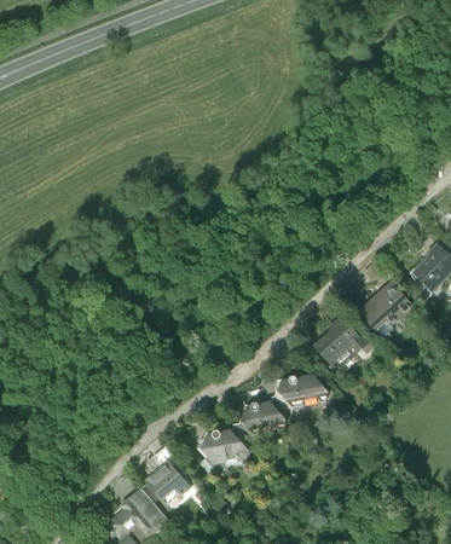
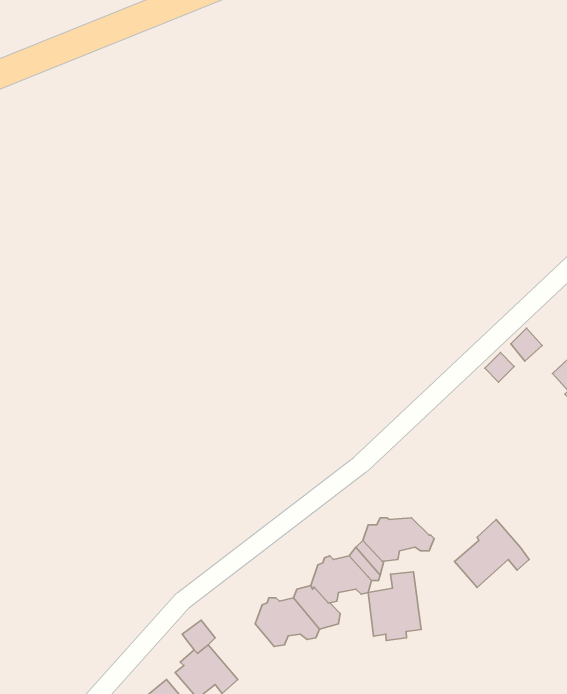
building: [363,285,414,336] -> none
building: [312,316,364,363] -> [454,520,529,587]
building: none -> [368,572,421,640]

